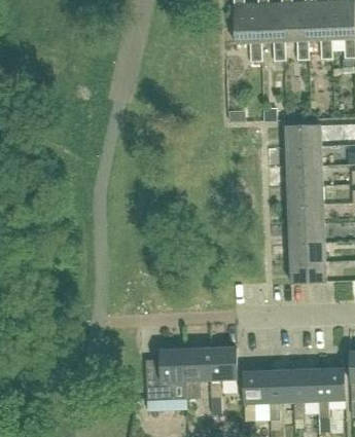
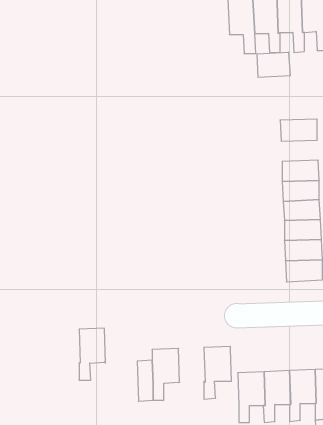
building: none -> [257,52,290,77]
building: [285,146,321,167] -> none
building: [185,348,211,398] -> [79,328,106,380]

